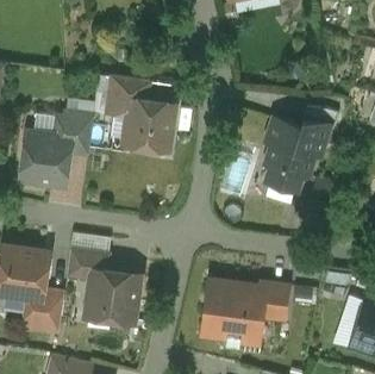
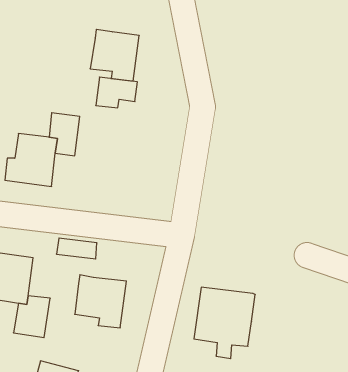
building: [124,98,171,148] -> [90,29,139,81]
building: [265,117,325,189] -> none
building: [65,248,107,276] -> none
building: [258,280,287,317] -> none

